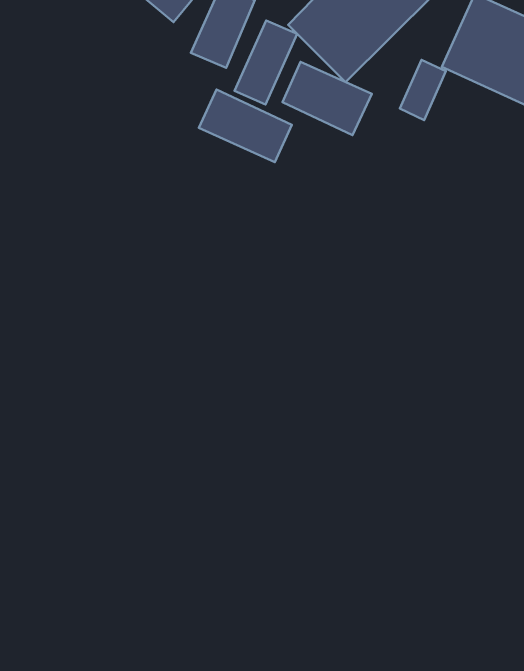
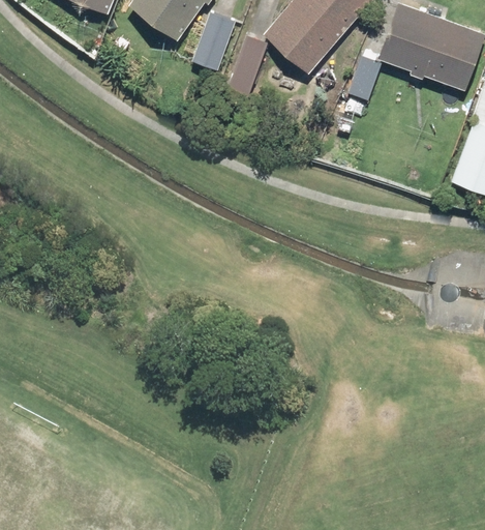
building: [282,62,372,135] -> none
building: [199,90,292,162] -> none

